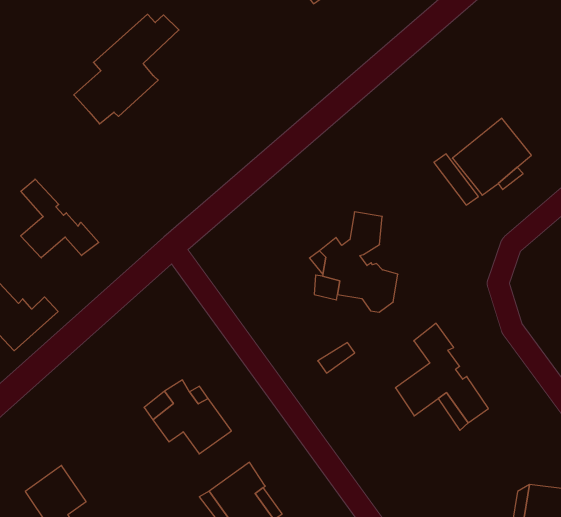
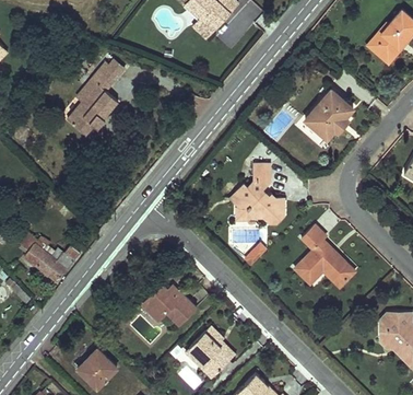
building: [21,179,99,258] -> none

